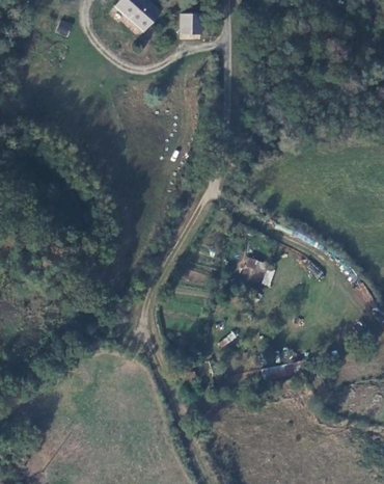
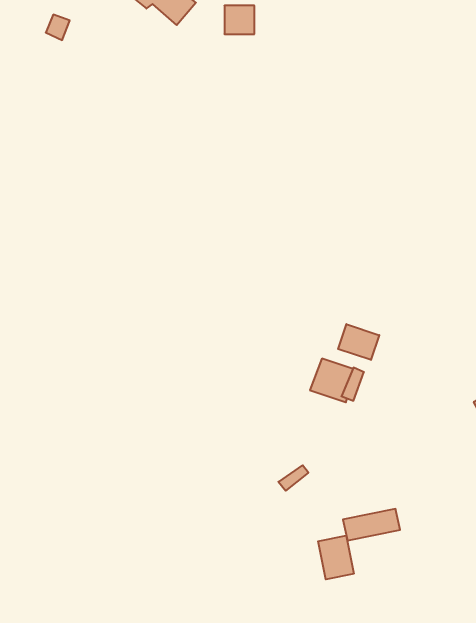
building: none -> [338,324,379,360]
building: none -> [318,536,354,579]

